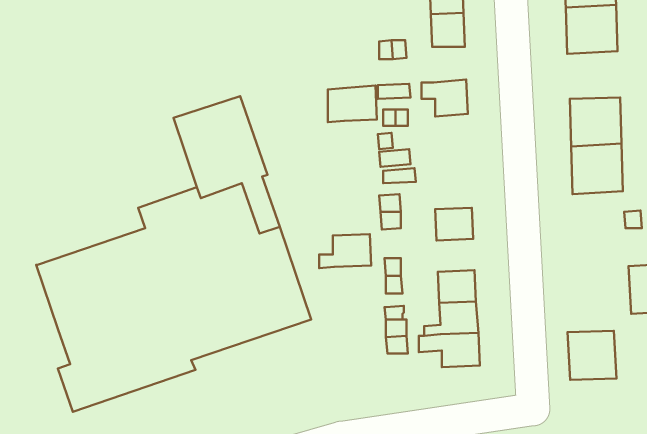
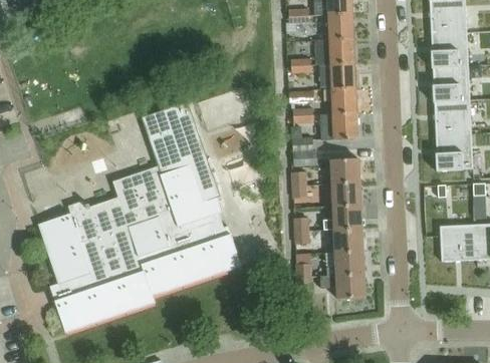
building: none -> [330,63,355,89]
building: none -> [430,66,469,101]
building: [328,85,377,122] -> [321,112,357,139]
building: none -> [331,157,359,183]
building: [319,234,371,268] -> [323,205,361,230]
building: [567,331,616,380] -> [441,225,477,261]

